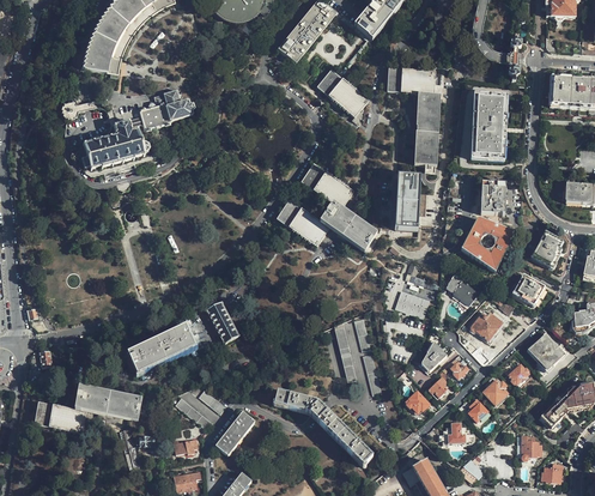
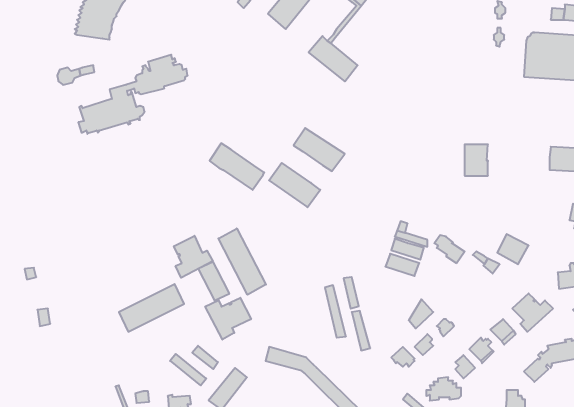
building: [390,66,442,164] -> none
building: [472,95,505,158] -> none
building: [396,175,420,229] -> none
building: [321,202,377,250] -> [210,143,264,190]
building: [459,218,516,268] -> none
building: [530,230,560,268] -> none
building: none -> [218,228,266,295]
building: none -> [174,236,213,278]
building: [469,309,503,343] -> none
building: none -> [205,298,251,340]
building: [36,385,141,430] -> none

